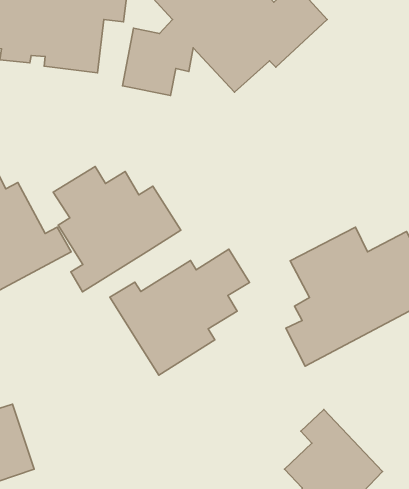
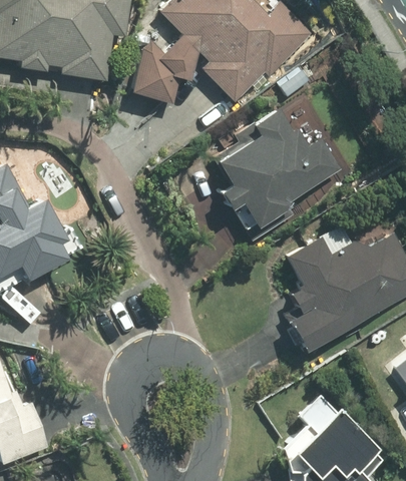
building: none -> [197,108,344,225]
building: [53,166,181,292] -> none
building: [110,249,249,375] -> none

